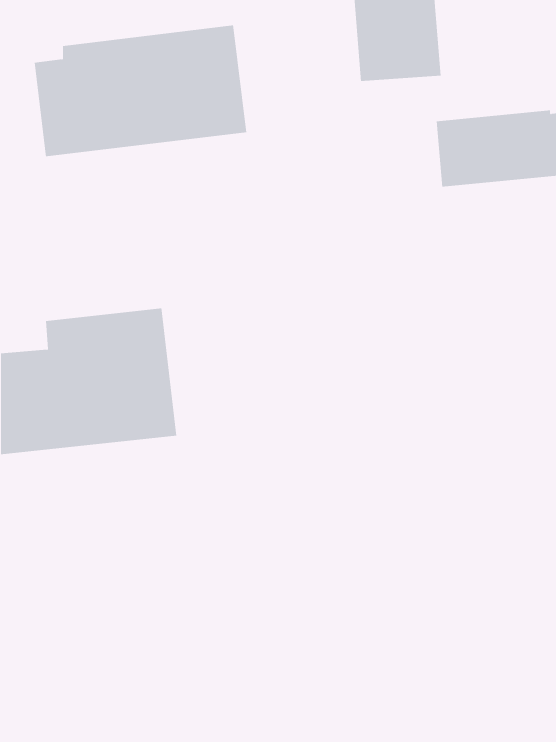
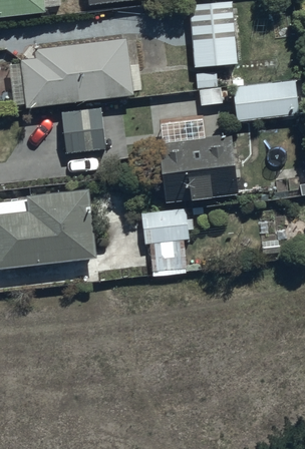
building: none -> [61,106,105,153]
building: none -> [157,120,238,202]
building: none -> [141,208,190,278]

